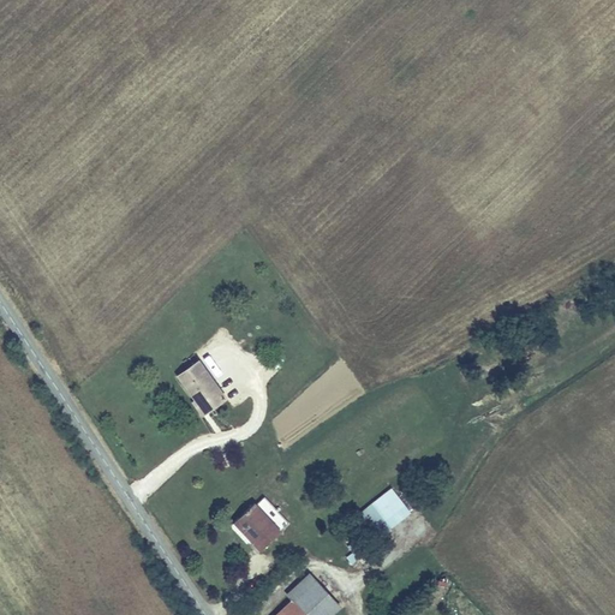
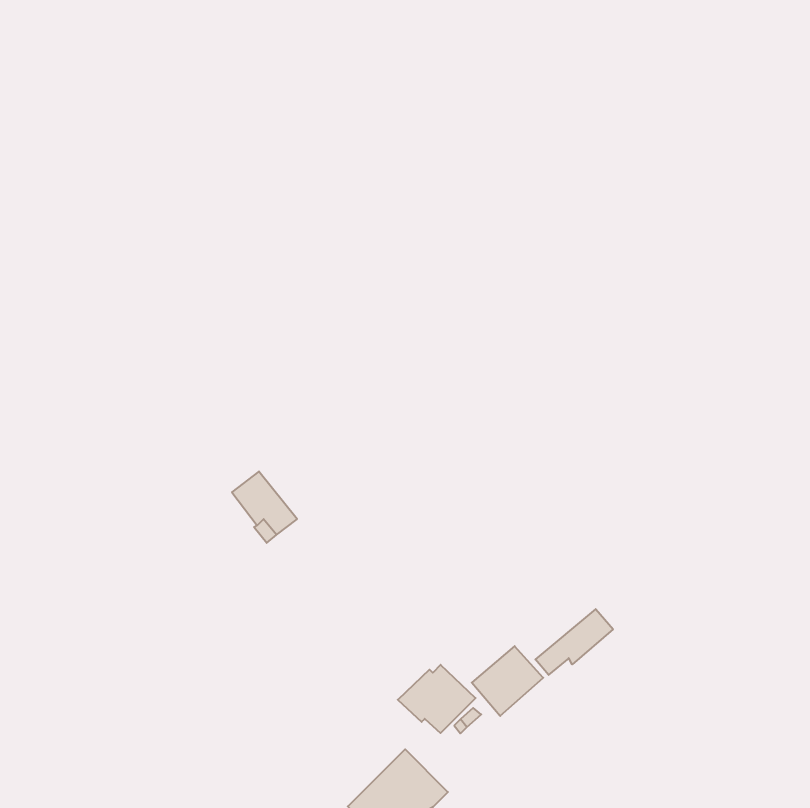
building: none -> [535,609,613,675]
building: [231,503,289,555] -> [398,665,476,733]

